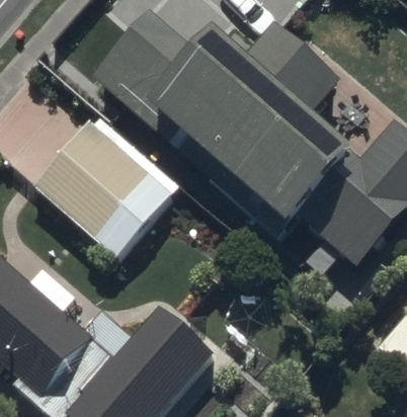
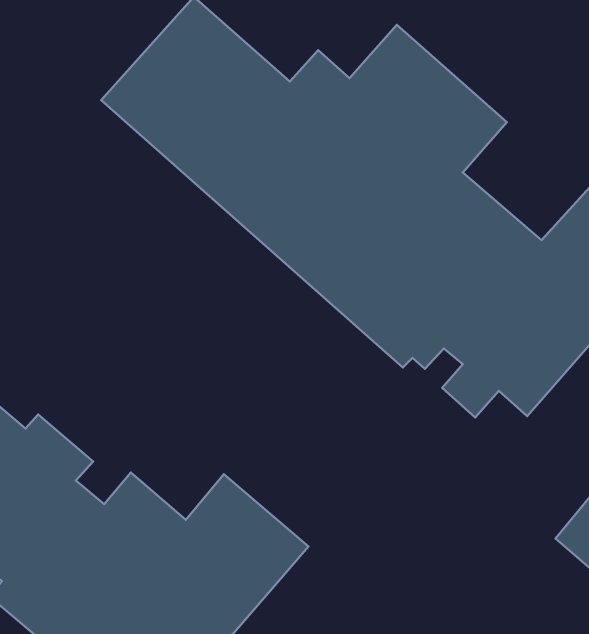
building: [31,112,181,260] -> none

